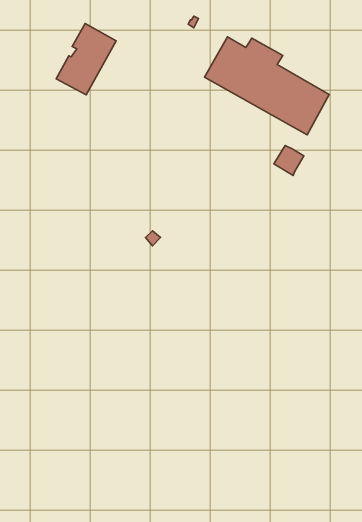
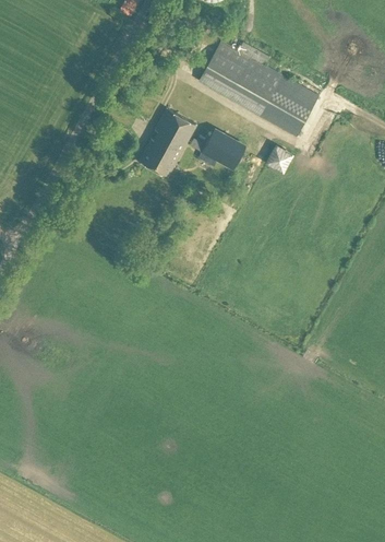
building: [56,23,116,95] -> [139,108,195,176]
building: none -> [201,130,245,172]

